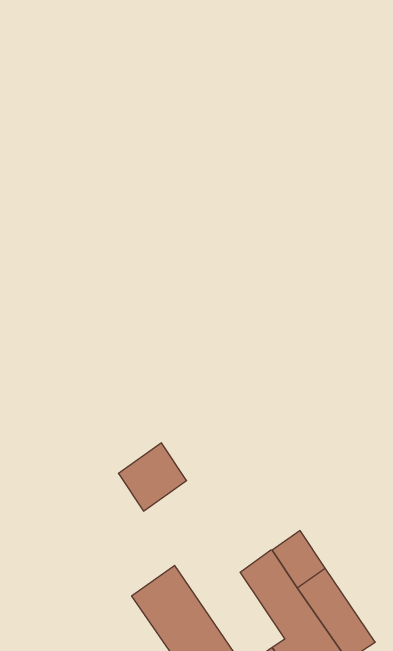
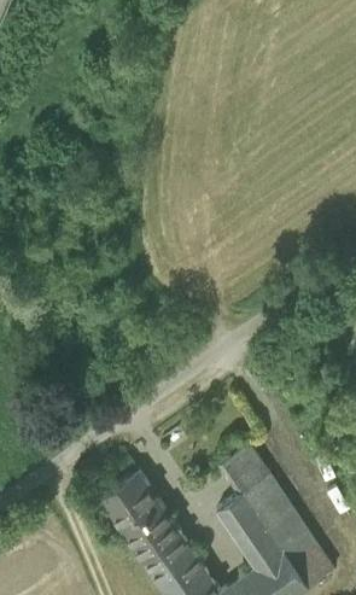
building: [118,443,187,511] -> [101,472,161,531]
building: none -> [223,444,269,491]

